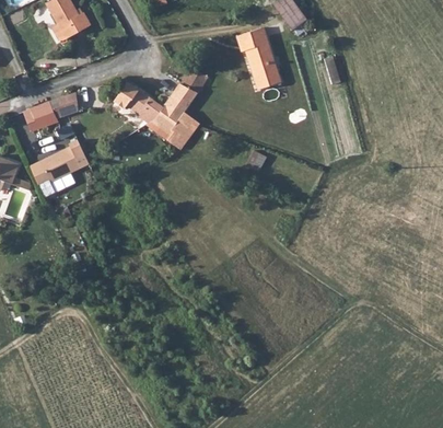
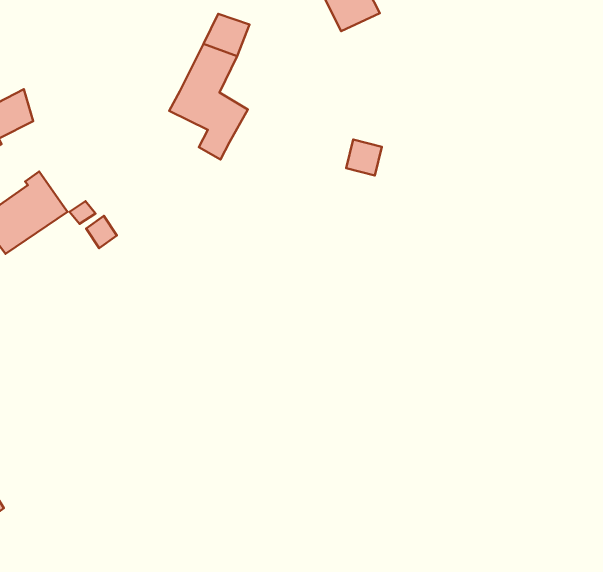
building: [114,82,162,123] -> none

